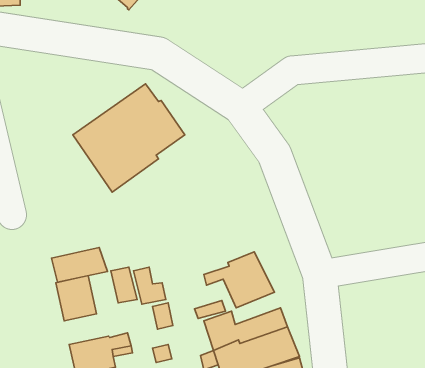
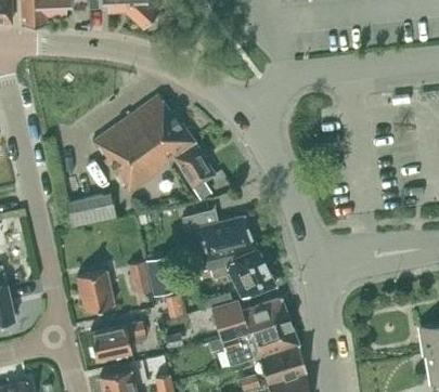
building: none -> [173,143,215,200]
building: none -> [195,217,257,270]
building: [51,248,108,282] -> [67,194,118,225]

